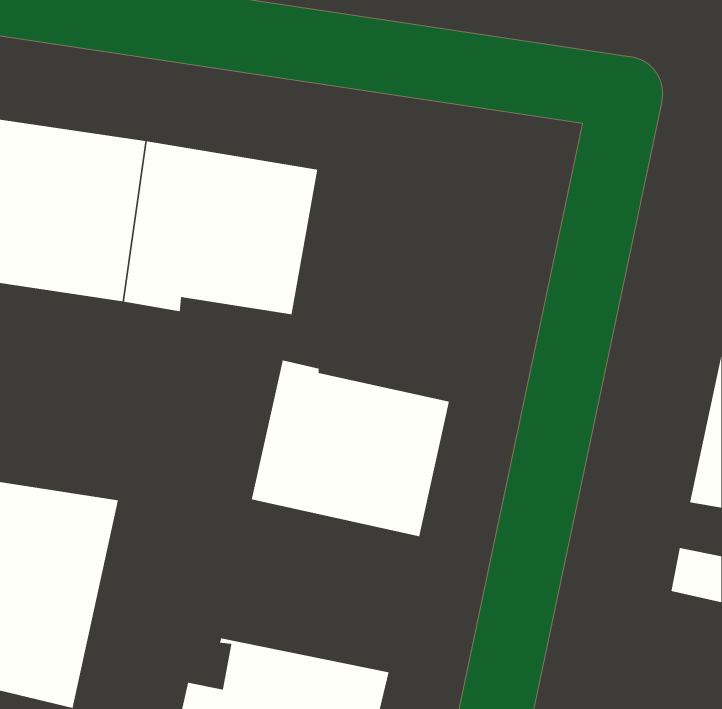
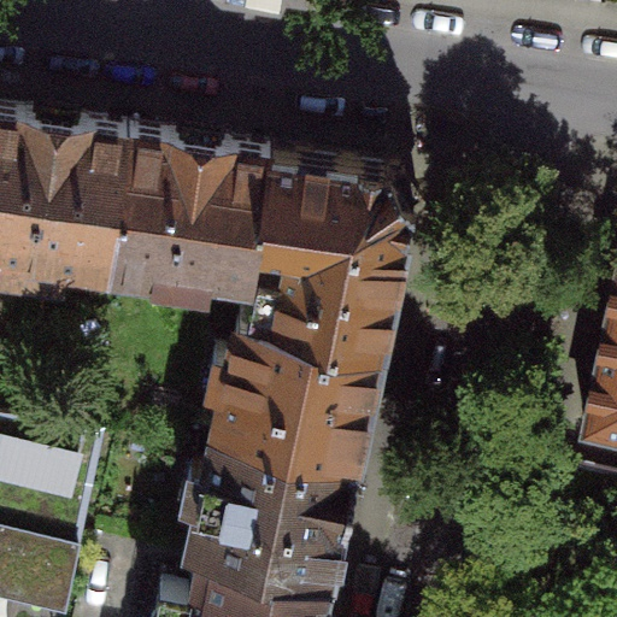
building: none -> [246,161,411,357]
building: none -> [186,440,353,584]

